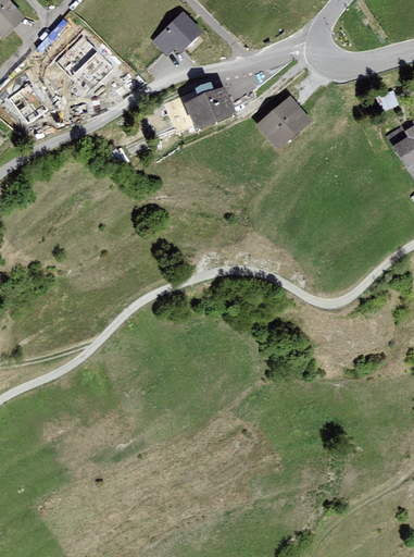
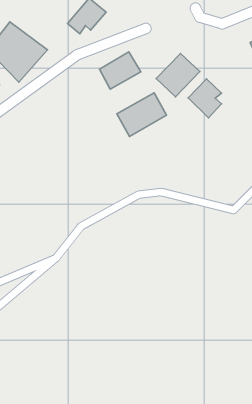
building: none -> [188,79,222,118]
building: none -> [117,93,167,136]

